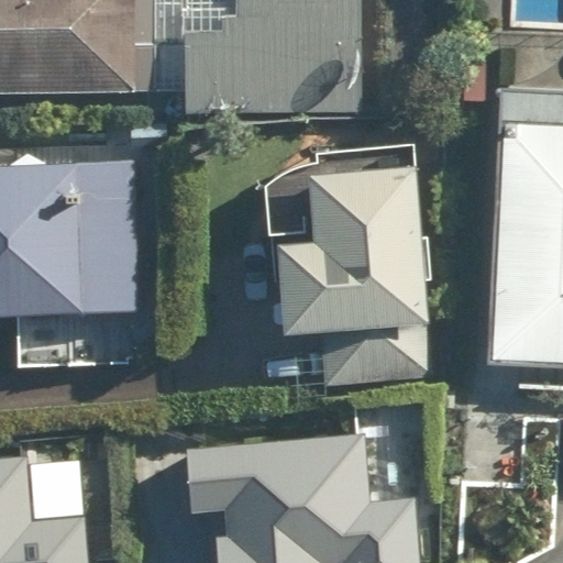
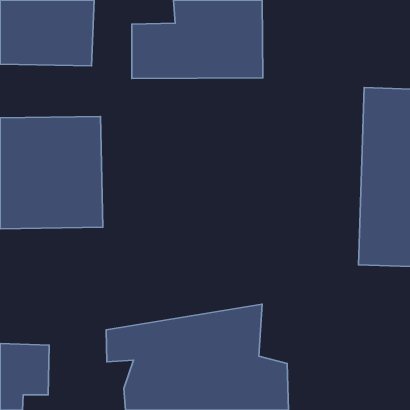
building: [268,165,427,378] -> none

